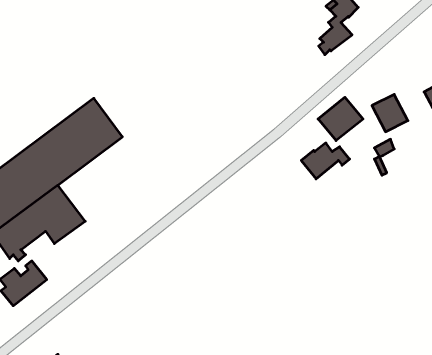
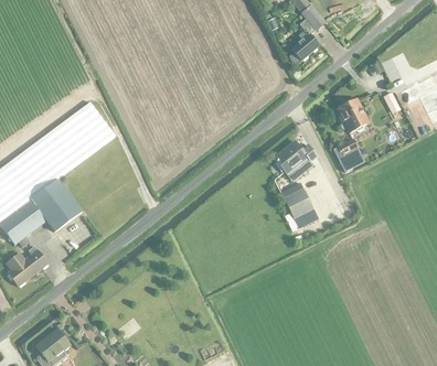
building: [318,97,363,141] -> none
building: none -> [284,189,312,218]

